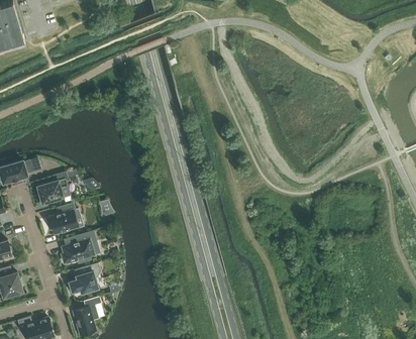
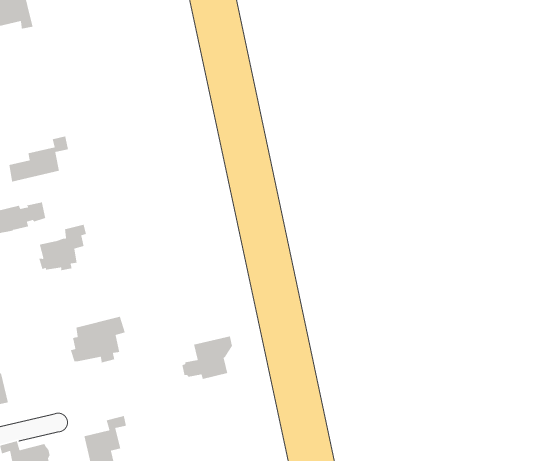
building: none -> [9,135,70,183]
building: [47,203,81,234] -> none
building: [67,263,100,294] -> [181,335,233,380]

